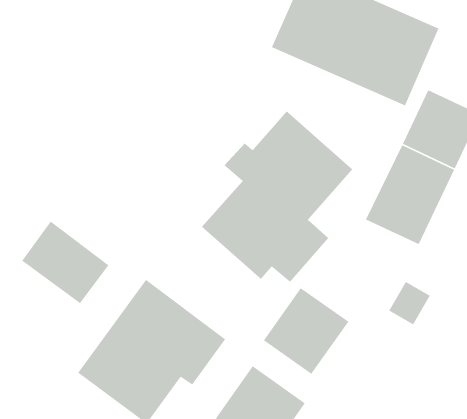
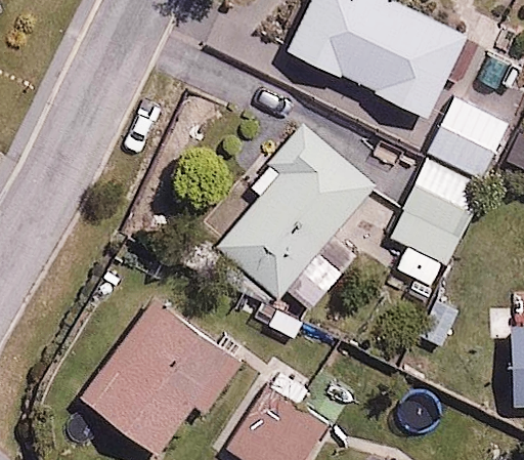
building: [21,220,109,304] -> none
building: [263,287,349,375] -> none

